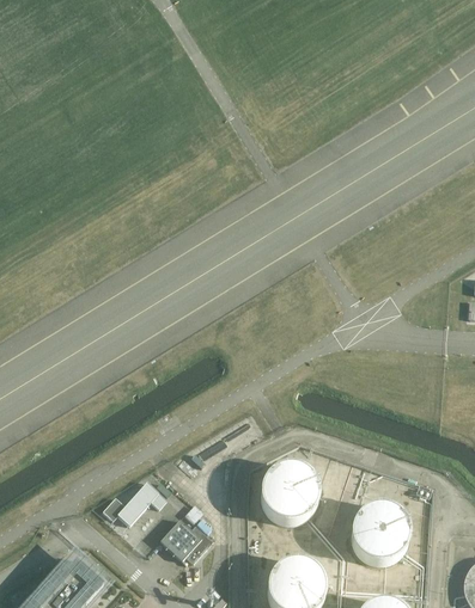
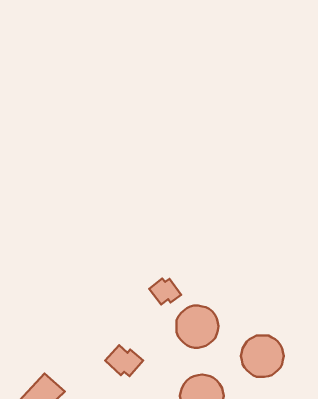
building: none -> [149,278,181,305]
building: [103,481,166,524] -> none

